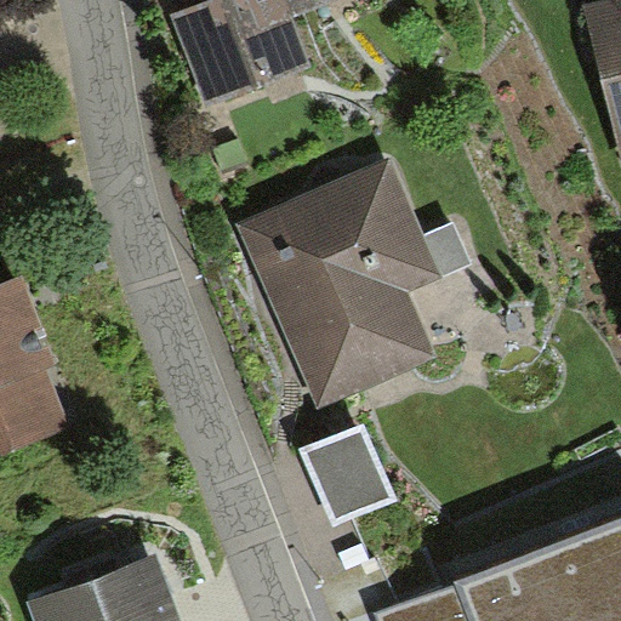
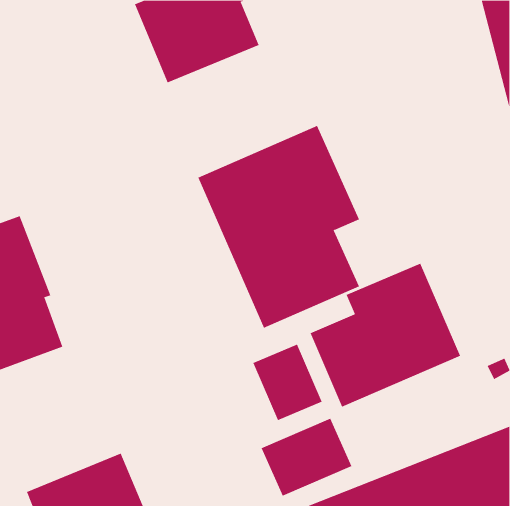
building: none -> [310,263,461,407]
building: none -> [261,418,352,497]

